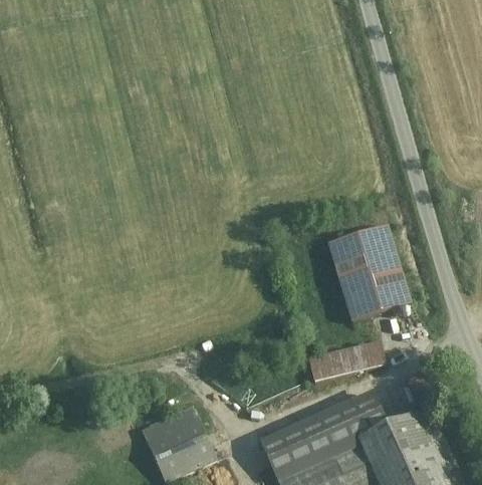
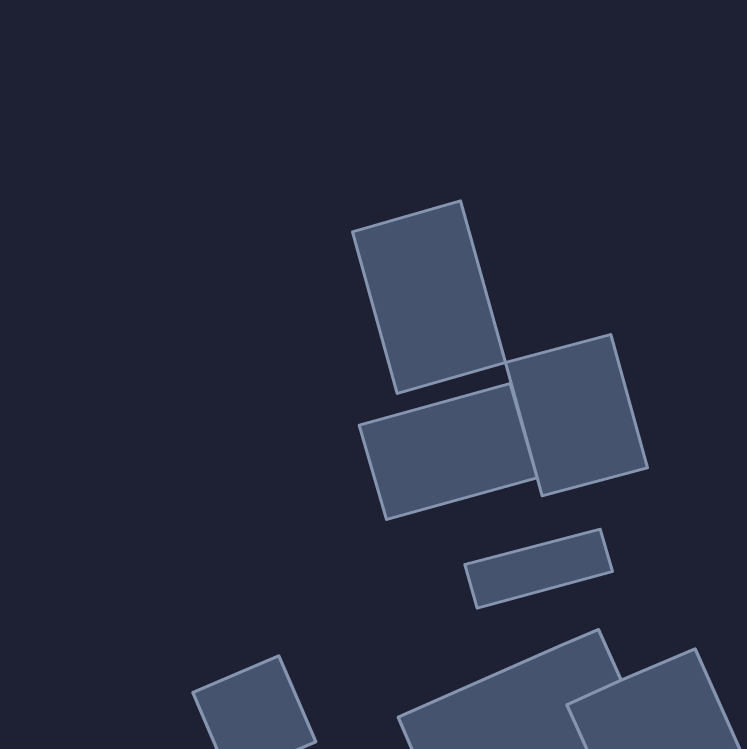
building: none -> [353,201,505,394]
building: none -> [359,384,537,520]

